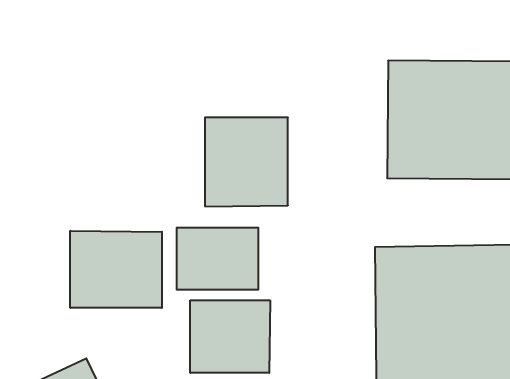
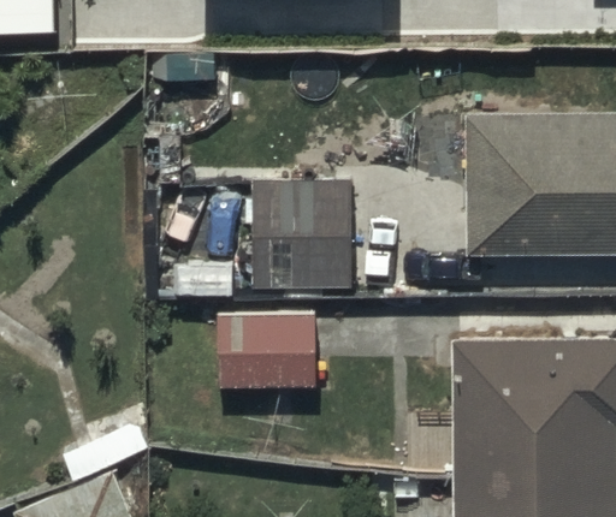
building: [70,231,162,308] -> none
building: [190,300,270,373] -> none

